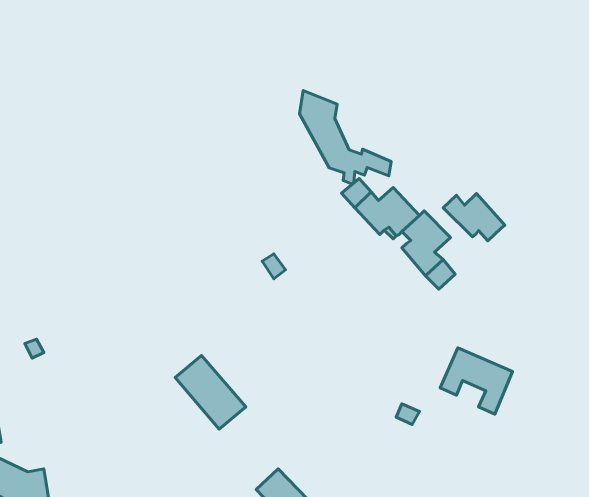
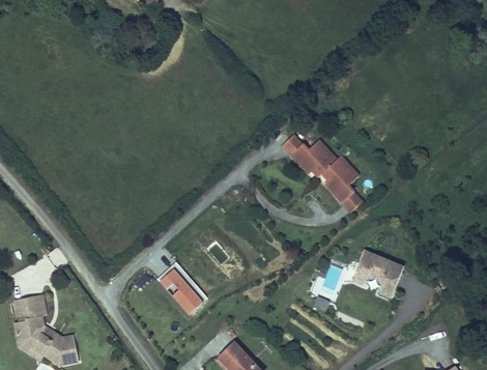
building: [300,91,391,184] -> none
building: [443,194,505,241] -> none

